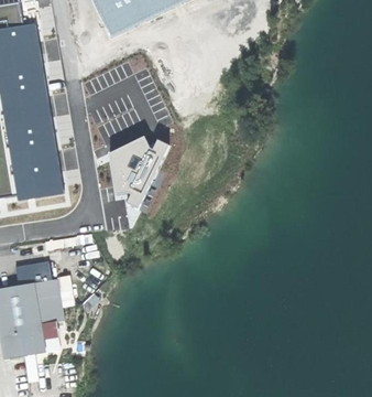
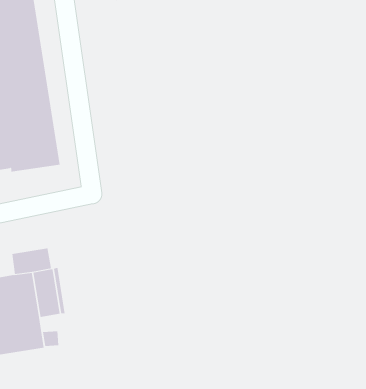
building: [109,136,168,206] -> none

